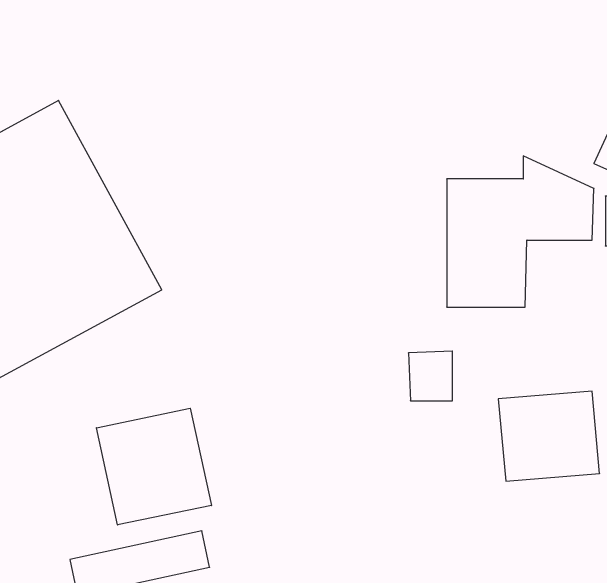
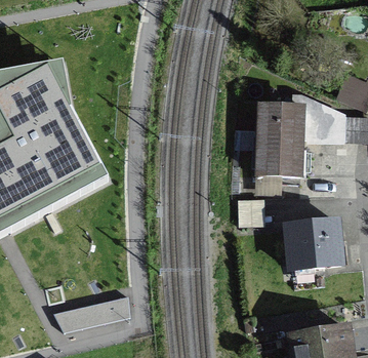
building: [96,408,211,525] -> none

